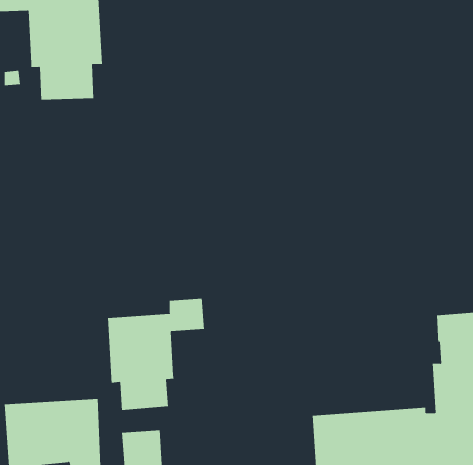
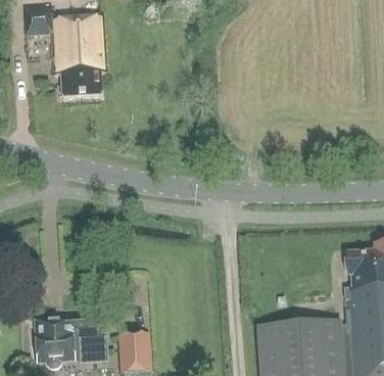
building: [108,298,205,411] -> none

